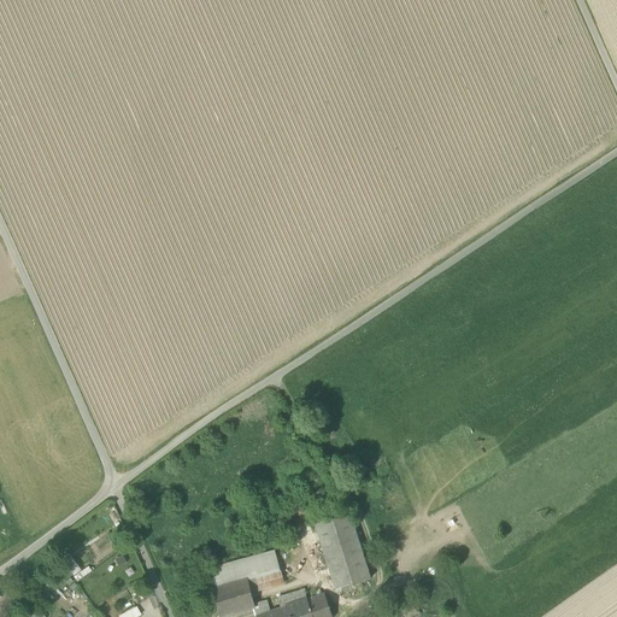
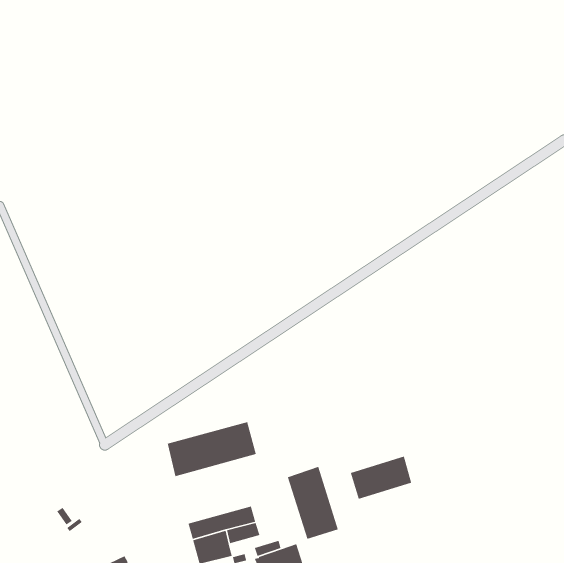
building: none -> [167,421,257,477]
building: none -> [350,456,412,500]

